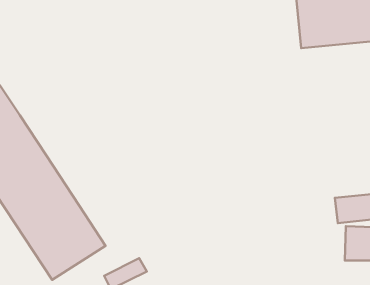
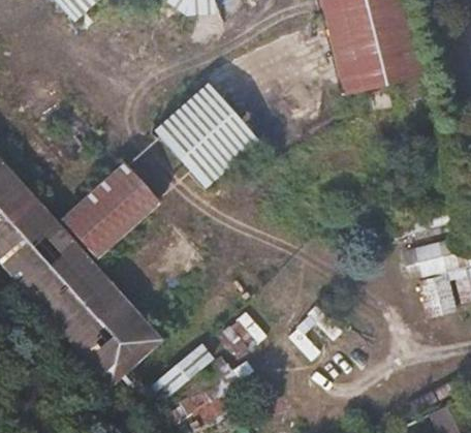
building: none -> [155,83,258,186]
building: none -> [61,161,157,254]

